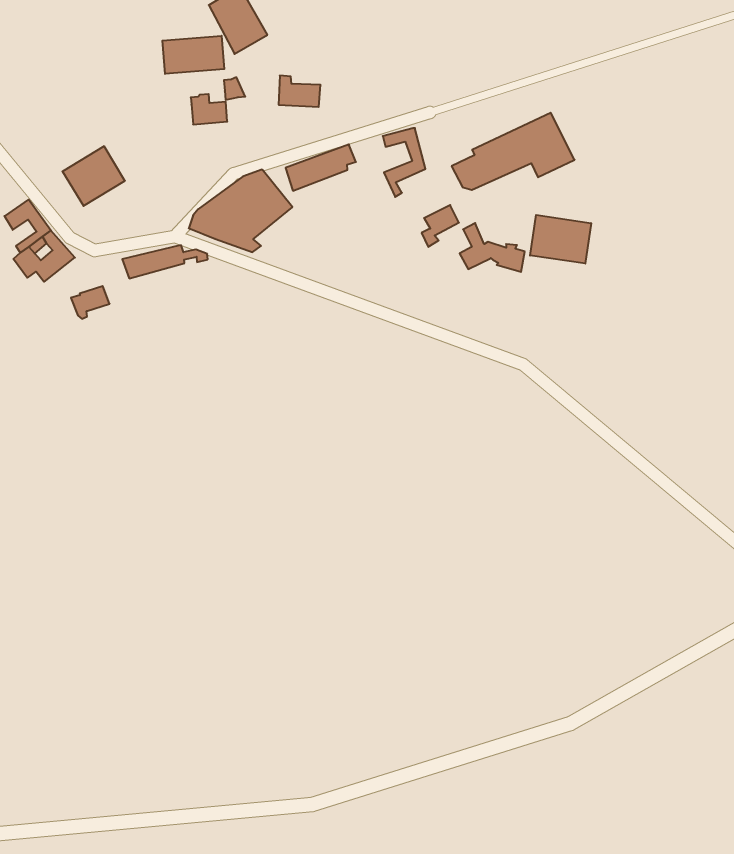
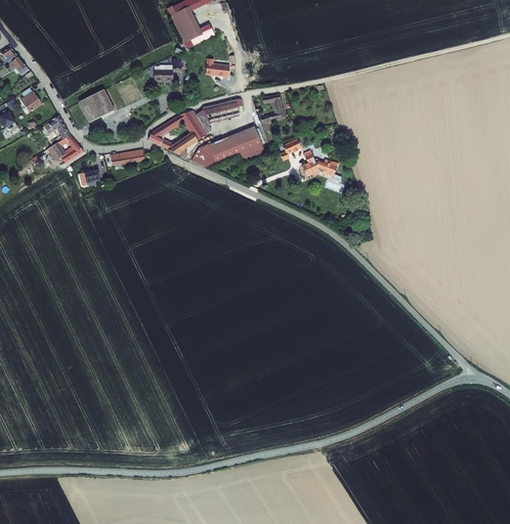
building: [162,36,224,74] -> none
building: [452,113,575,190] -> [197,126,266,166]
building: [530,215,591,264] -> none

